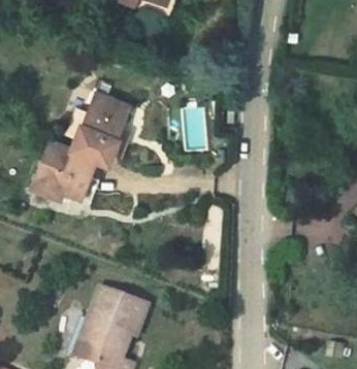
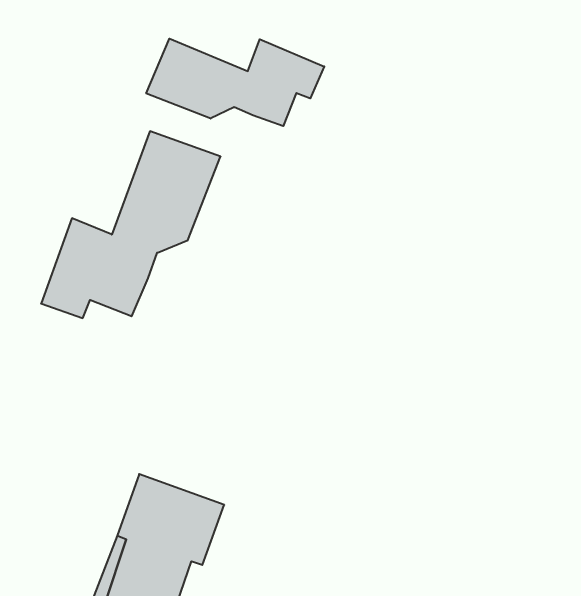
building: none -> [146,39,324,126]

